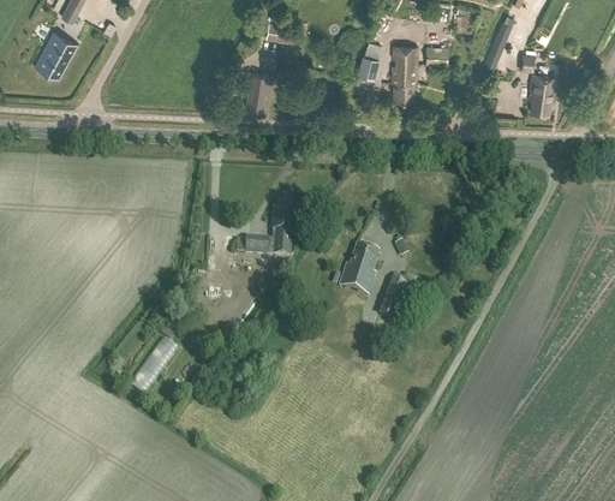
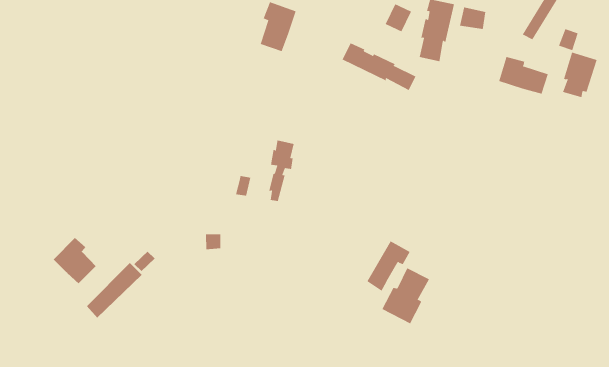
building: none -> [498,56,548,95]
building: none -> [342,42,416,91]
building: [340,244,380,296] -> [382,267,430,324]
building: none -> [53,237,97,284]

